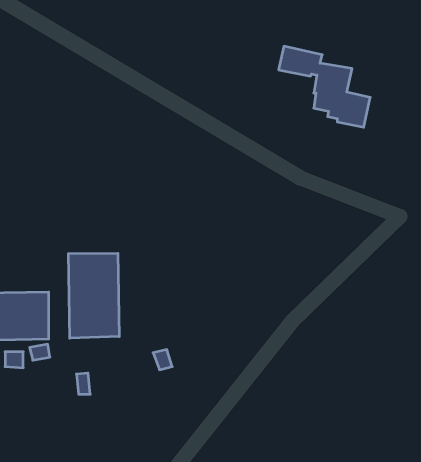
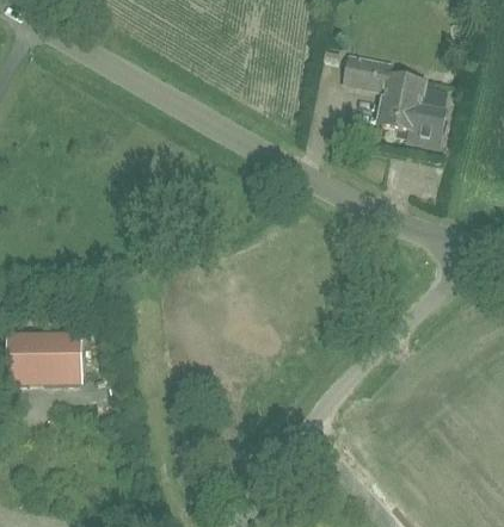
building: [68,253,119,338] -> none

